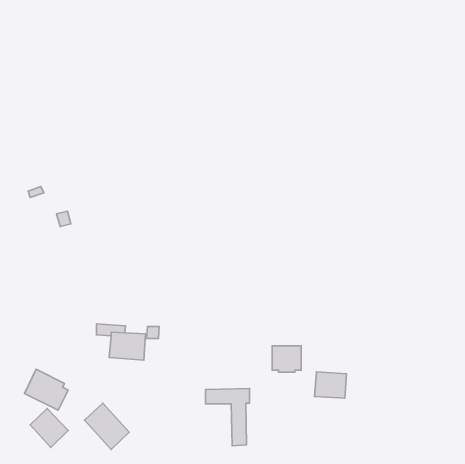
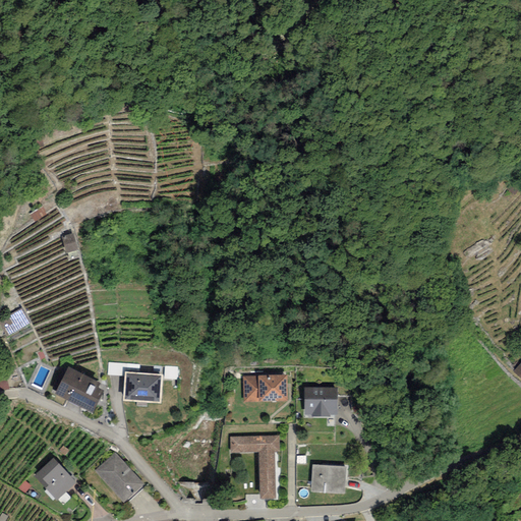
building: none -> [242,374,288,401]
building: [24,369,68,410] -> [55,366,104,412]
building: [315,372,346,398] -> [310,464,346,494]

